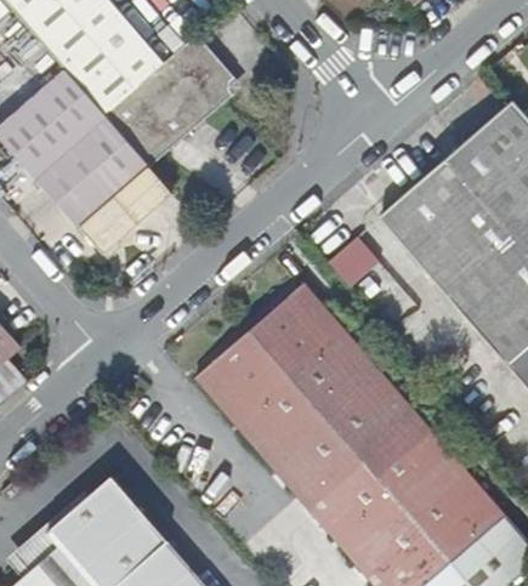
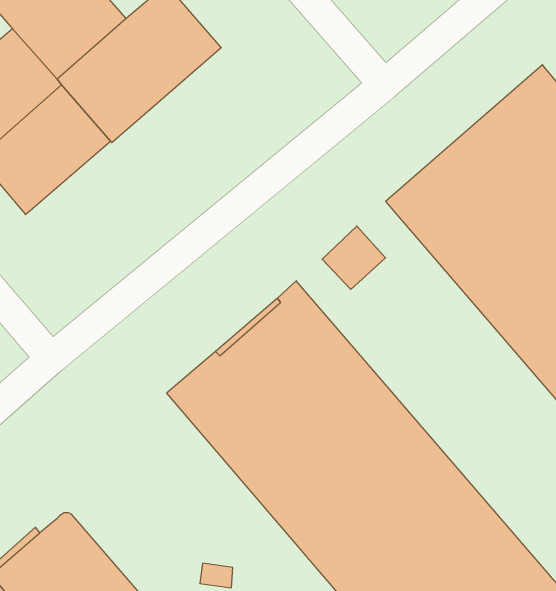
building: [80,166,172,254] -> none

